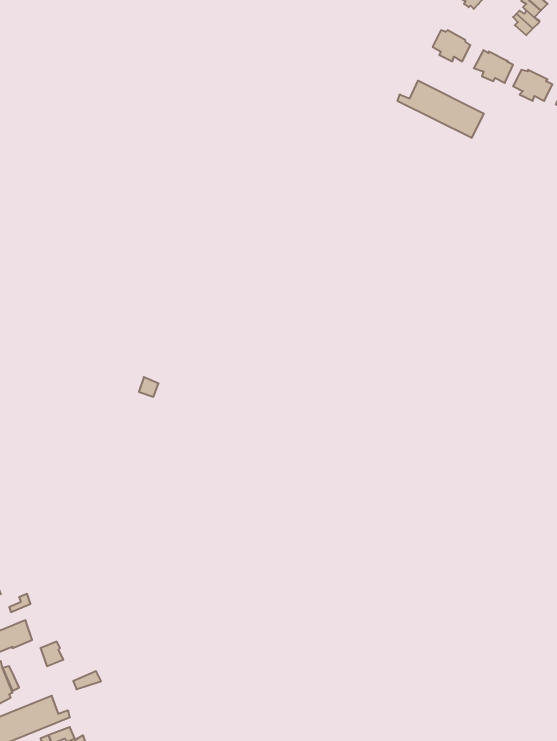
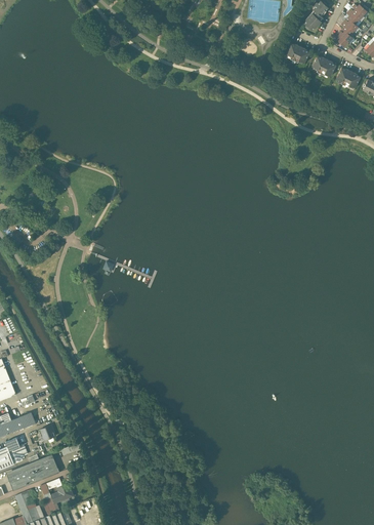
building: [398,81,484,138] -> none

